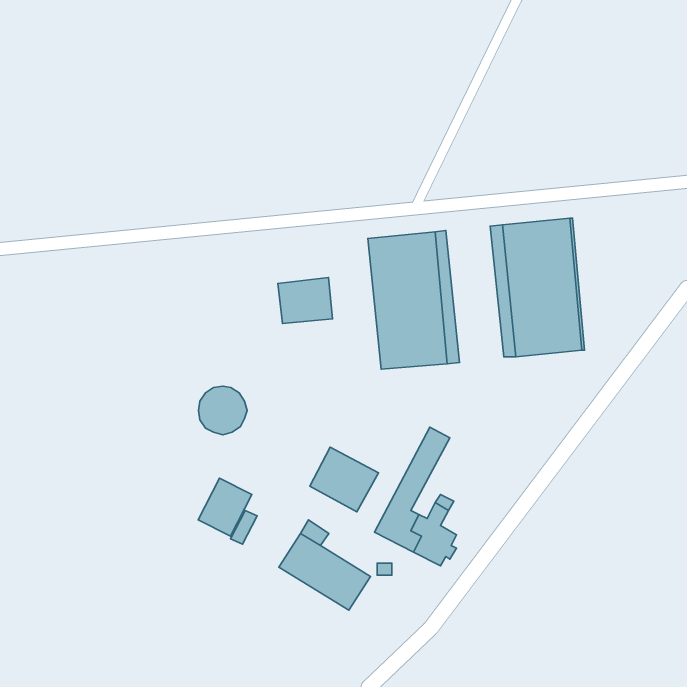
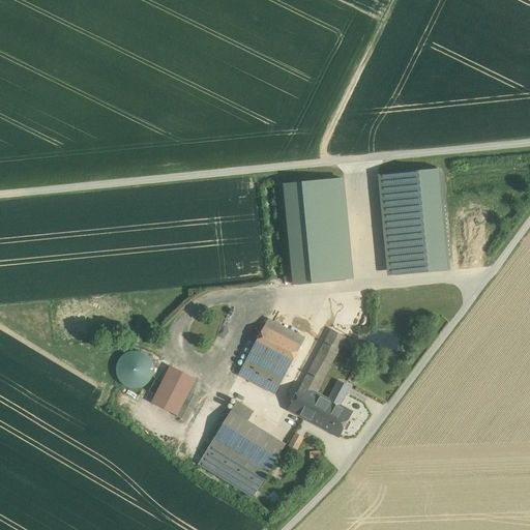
building: [278,278,333,324] -> none
building: [199,386,247,435] -> [116,350,153,387]
building: none -> [254,318,304,363]
building: none -> [199,436,268,496]

